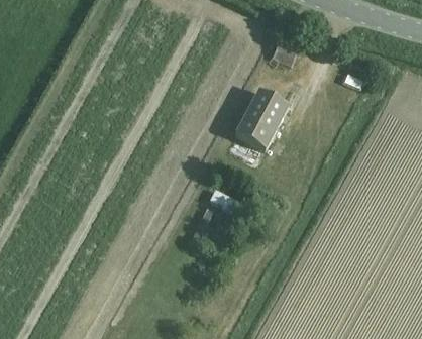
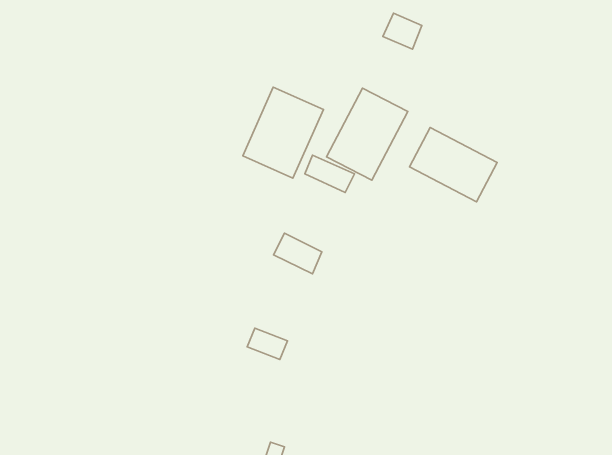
building: none -> [243,87,323,178]
building: none -> [409,128,497,202]

